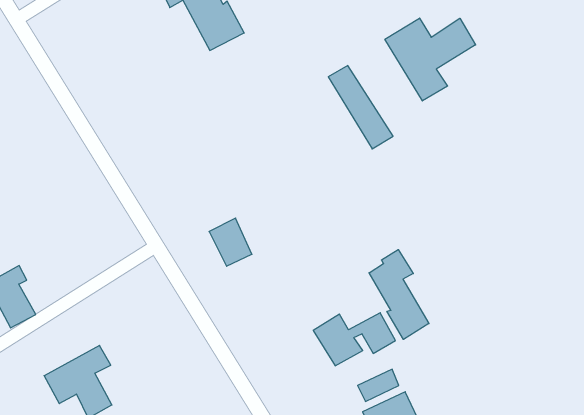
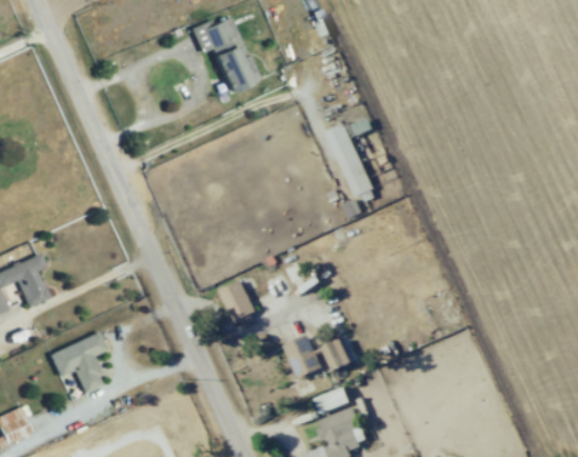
building: [385,18,476,101] -> none
building: [209,218,252,266] -> [221,280,254,320]
building: [369,250,429,339] -> none

